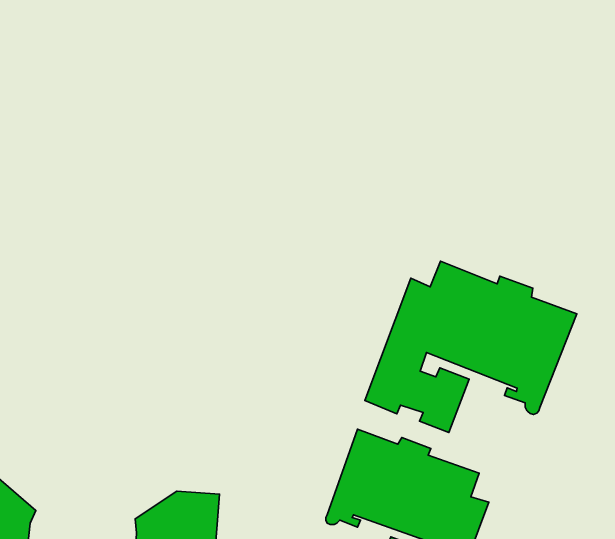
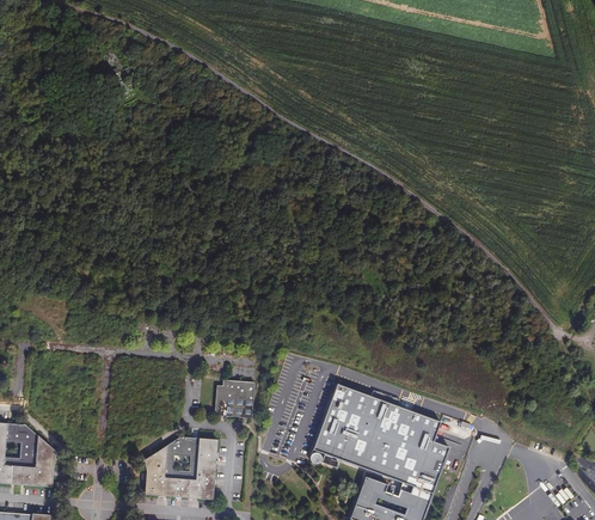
building: [365,261,577,433] -> none
building: none -> [216,380,254,417]

